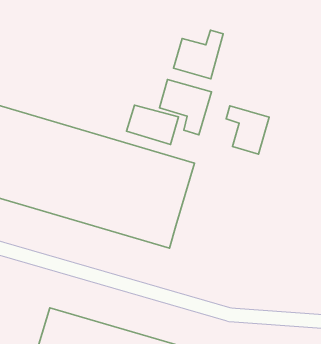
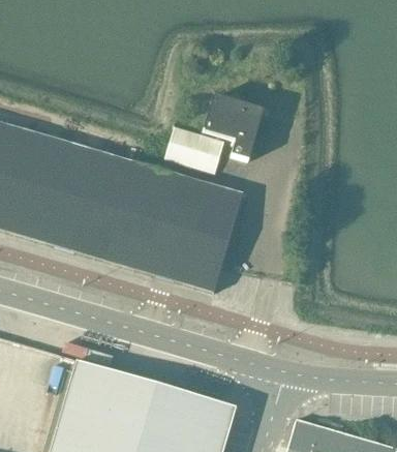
building: [173,30,223,79] -> none
building: [226,106,269,154] -> none

